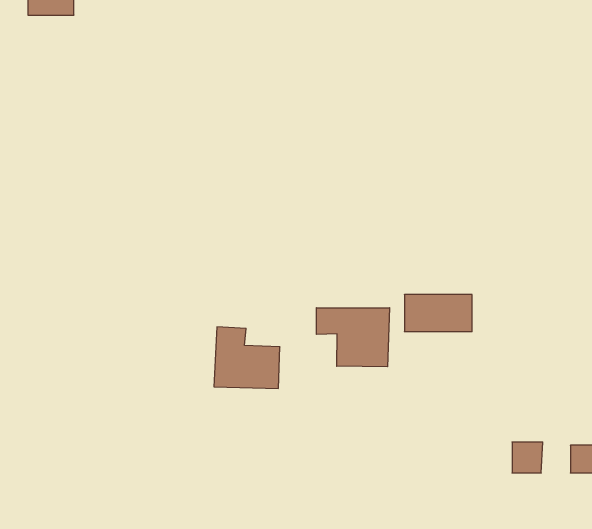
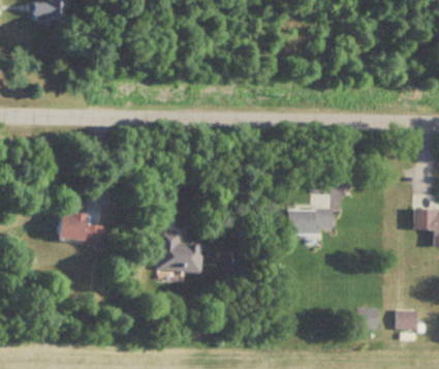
building: none -> [57,211,104,244]
building: [316,308,390,367] -> none

